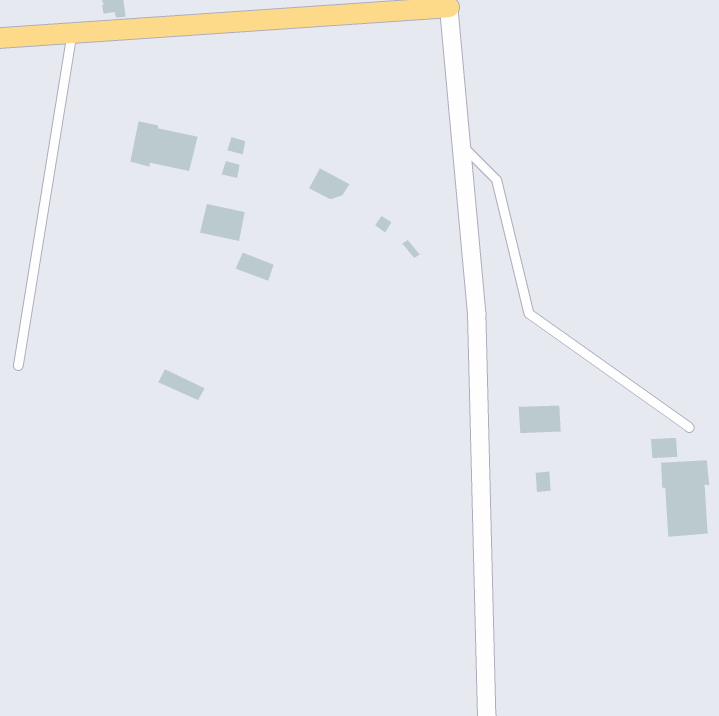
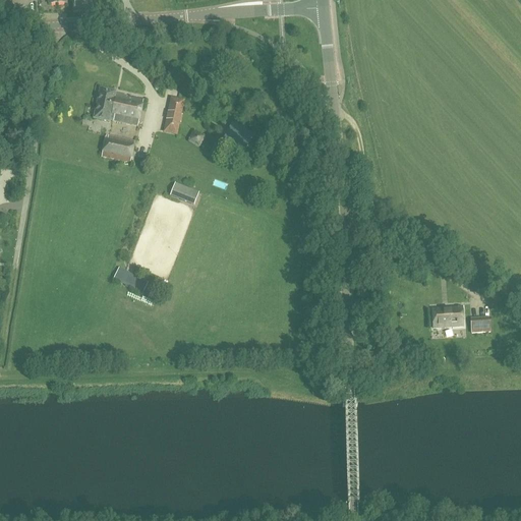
building: [199,203,245,241] -> [101,134,134,162]
building: [518,405,562,433] -> [431,306,463,327]
building: [661,460,710,538] -> none

